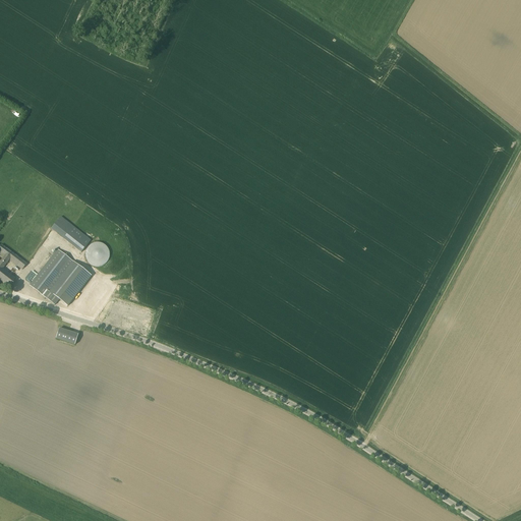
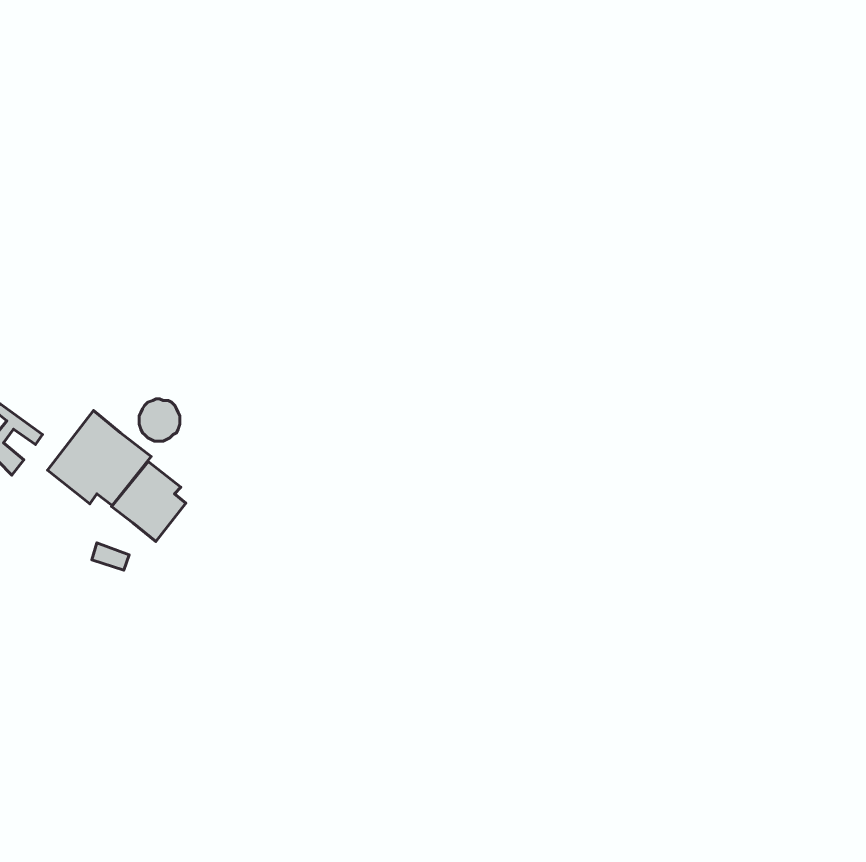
building: [58,224,90,249] -> none
building: none -> [112,461,186,541]

